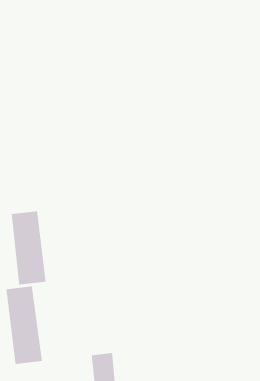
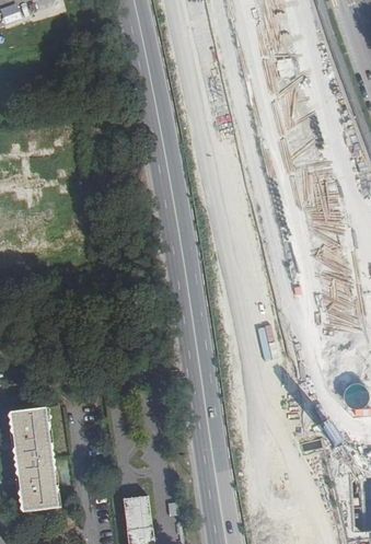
building: [11,210,46,286] -> none

